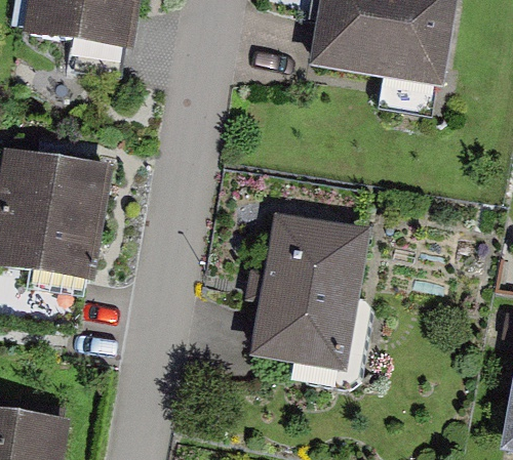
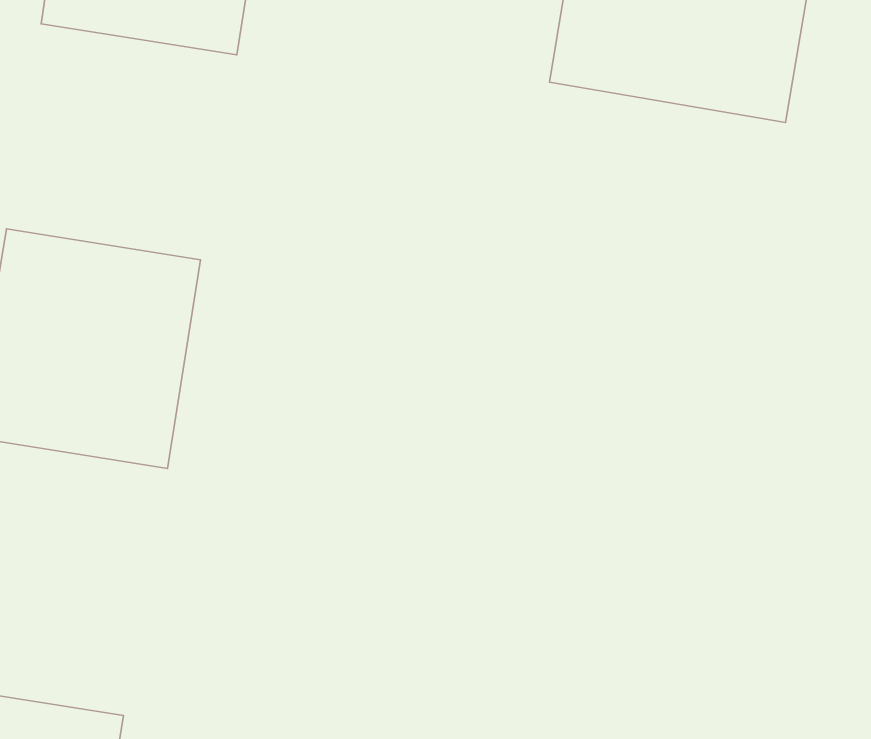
building: [248,212,372,373] -> none

